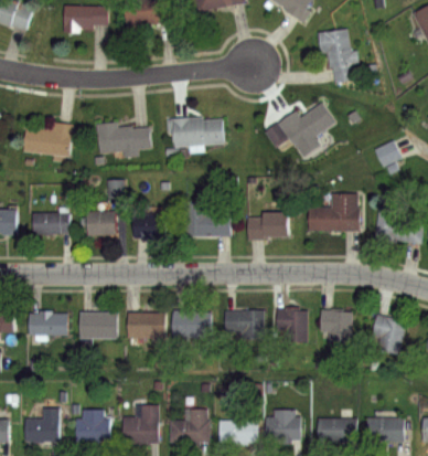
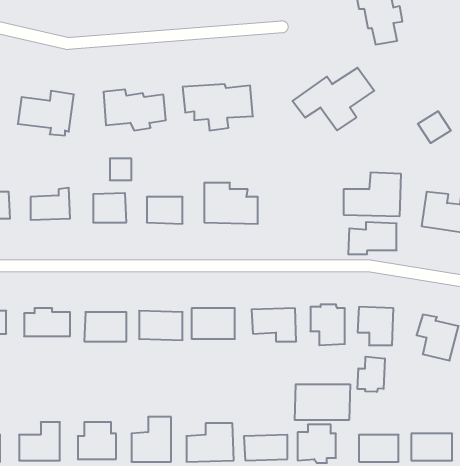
building: [249,212,291,240] -> [348,222,397,254]
building: none -> [358,357,385,392]
building: none -> [295,384,350,420]

